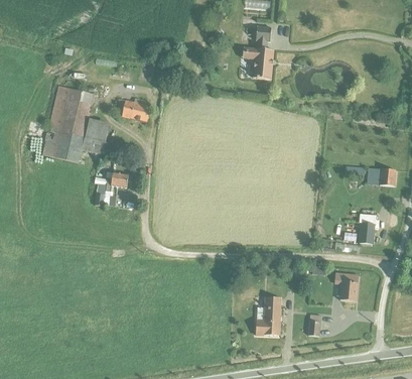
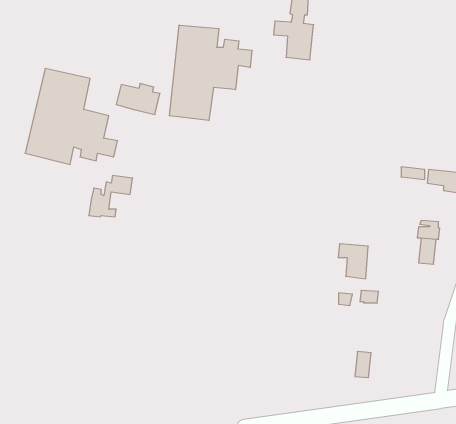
building: none -> [170,25,252,121]
building: [333,272,358,300] -> [338,244,368,279]
building: [255,296,279,335] -> none

